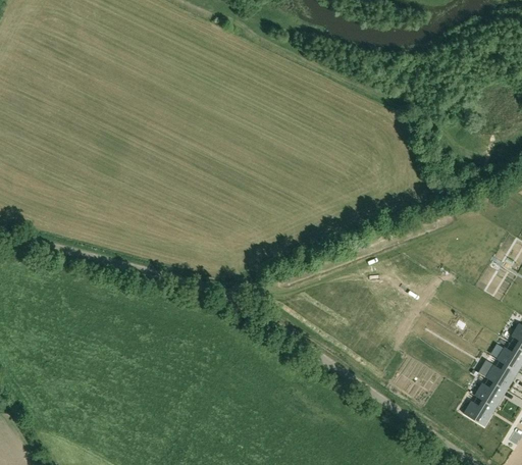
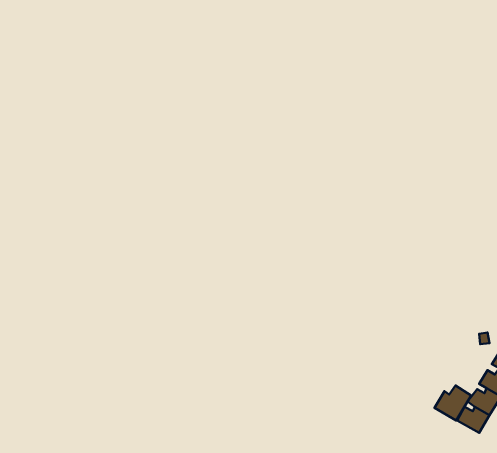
building: none -> [434,385,471,421]

